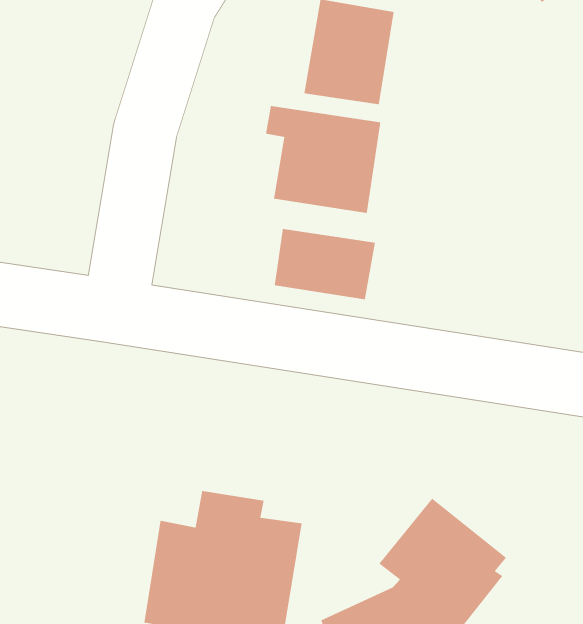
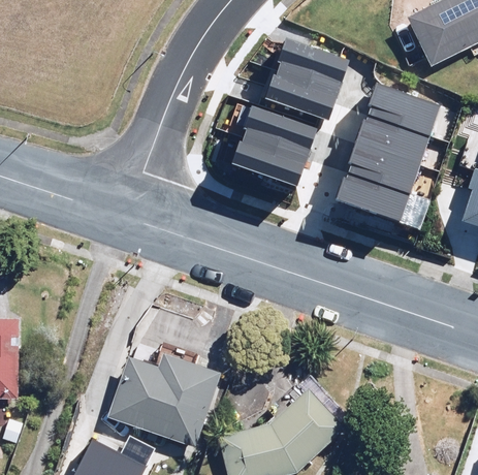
building: none -> [344,85,438,216]
building: [274,228,376,300] -> none

